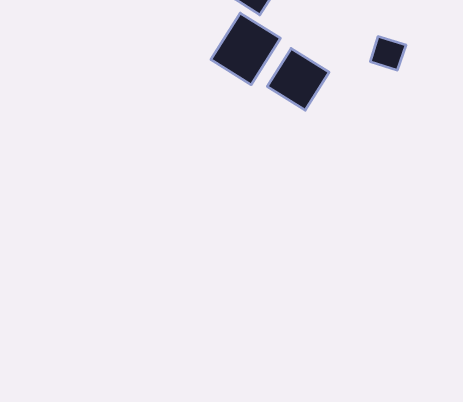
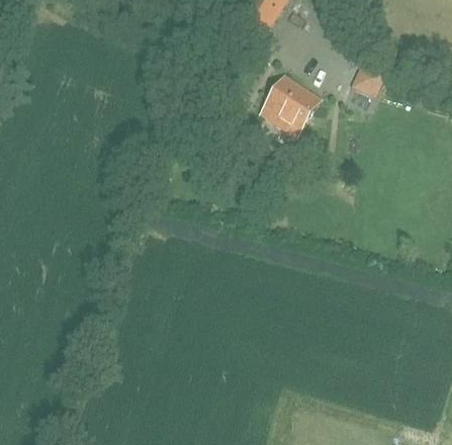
building: [211,13,280,85] -> none

